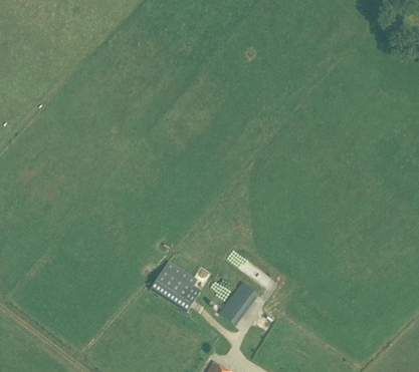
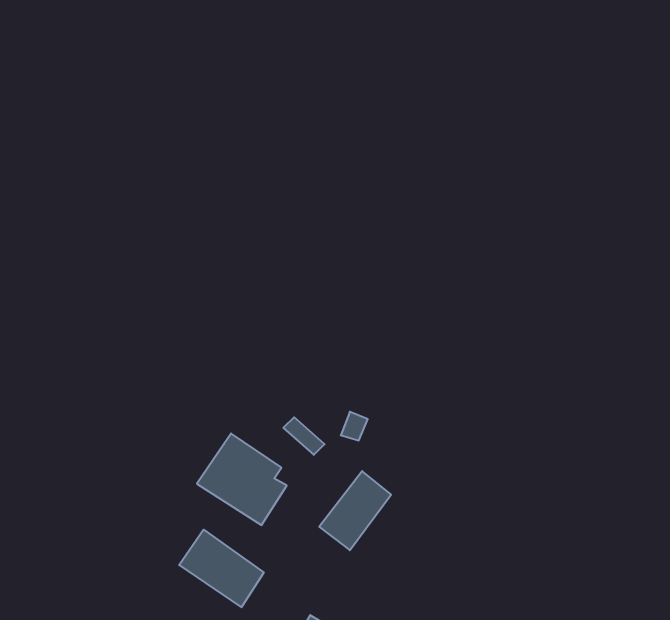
building: none -> [179,530,264,607]

